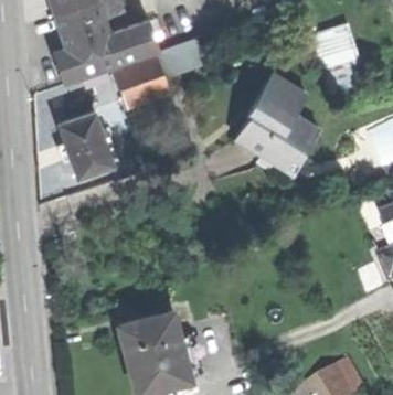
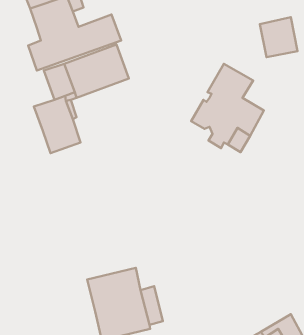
building: [151,39,202,75] -> none

